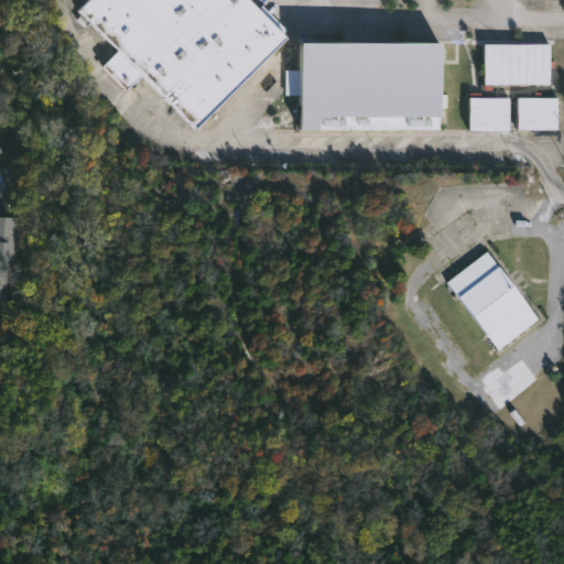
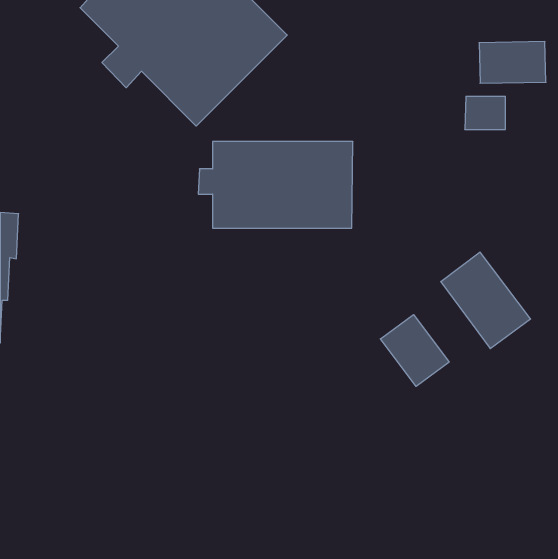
building: [285,42,441,129] -> [198,142,353,228]
building: [518,97,558,129] -> none
building: none -> [380,315,449,386]

